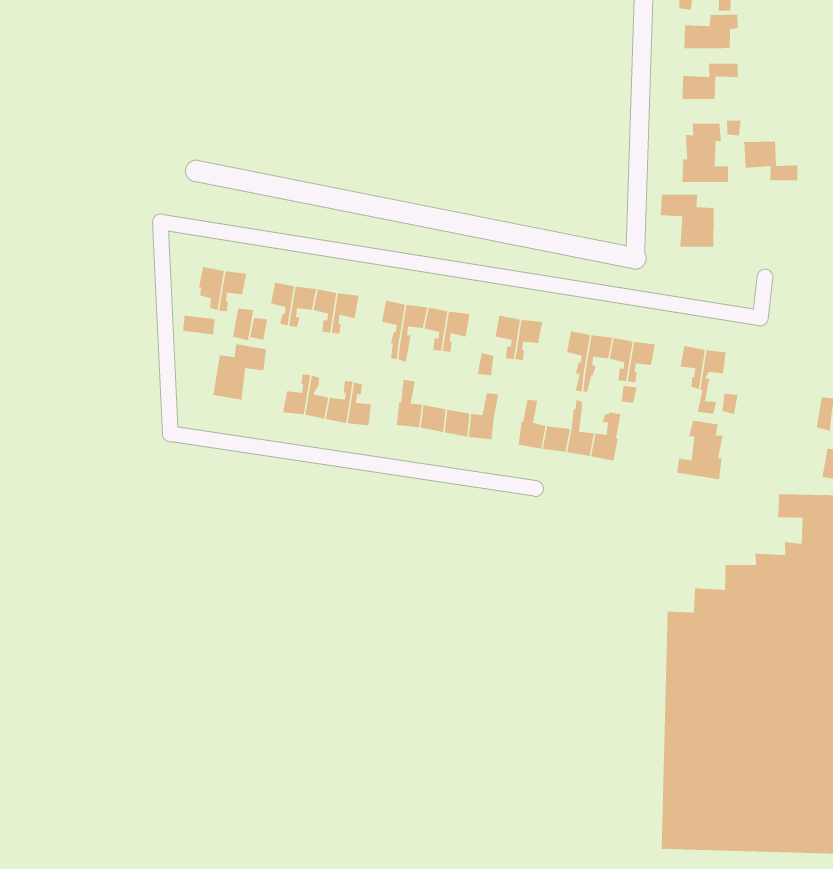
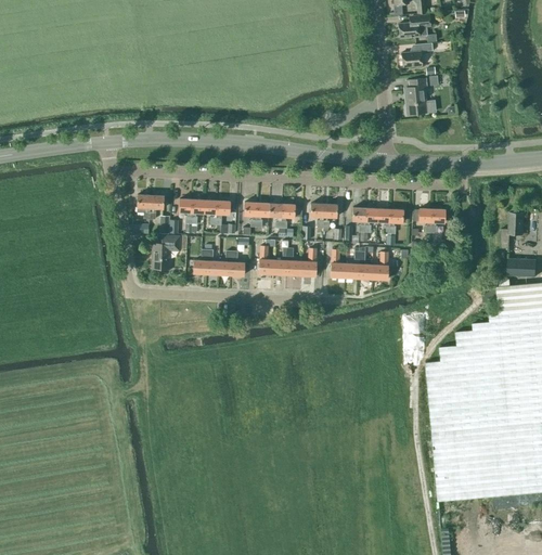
building: [744,141,798,181] -> none
building: [660,194,715,248] -> none
building: [676,420,724,480] -> none

